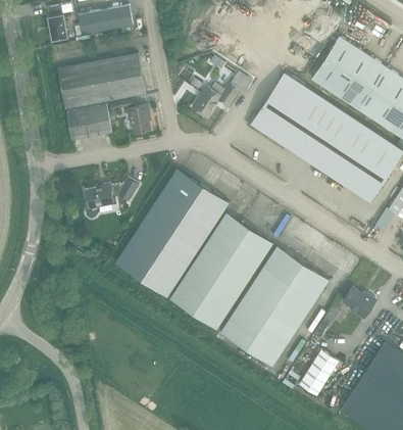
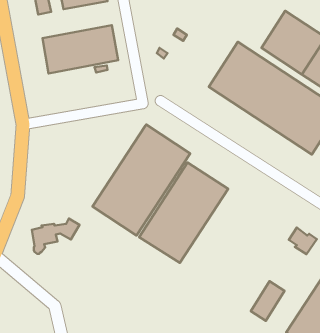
building: [192,70,250,118] -> none
building: [66,104,111,140] -> none
building: [127,105,149,133] -> none
building: [84,178,139,219] -> [32,219,79,254]
building: [220,246,329,366] -> none

